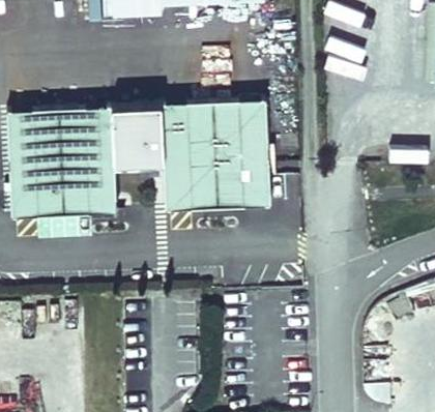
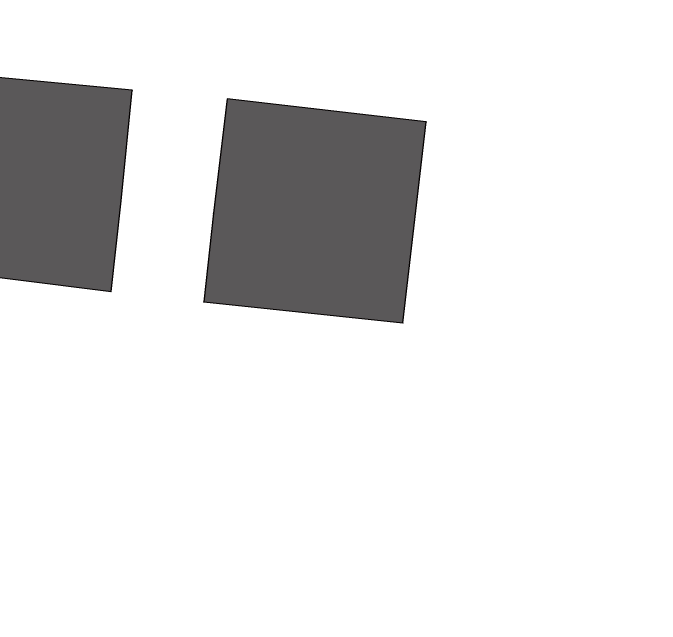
building: [112,104,164,165] -> none

